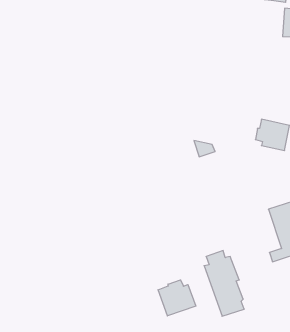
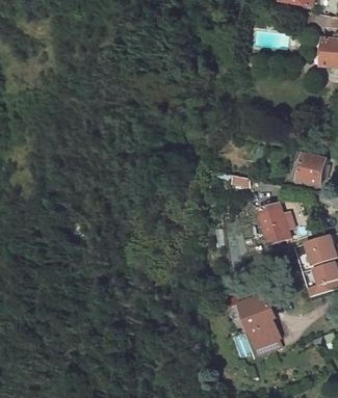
building: none -> [257,204,288,243]
building: [158,280,196,316] -> none

